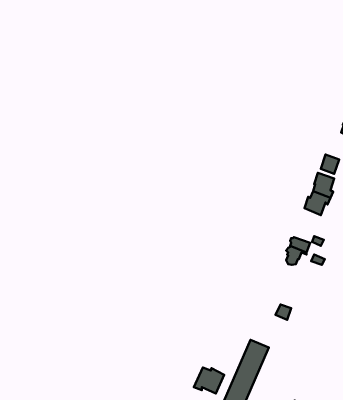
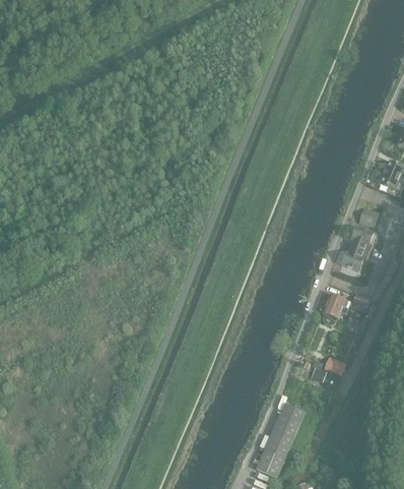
building: [194,367,224,394] -> none

